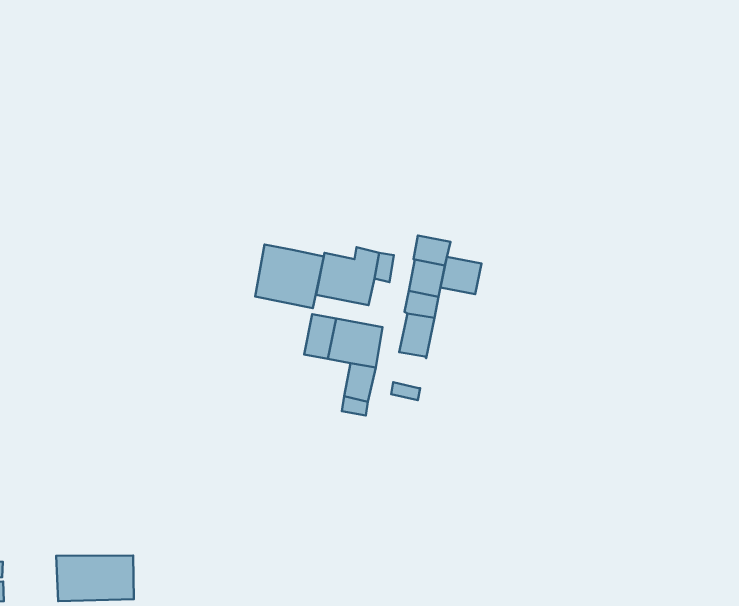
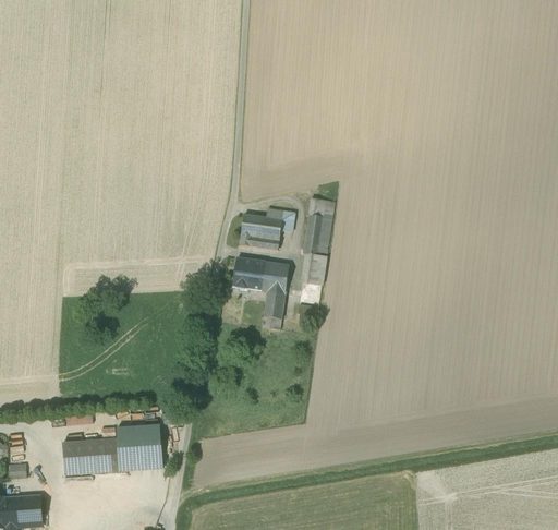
building: [255,244,324,308] -> none
building: [441,257,481,294] -> none
building: none -> [117,424,163,470]

